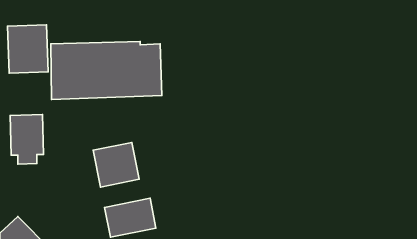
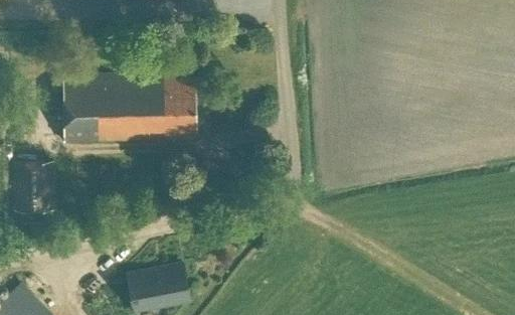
building: [8,25,48,73] -> none
building: [93,142,139,187] -> none

